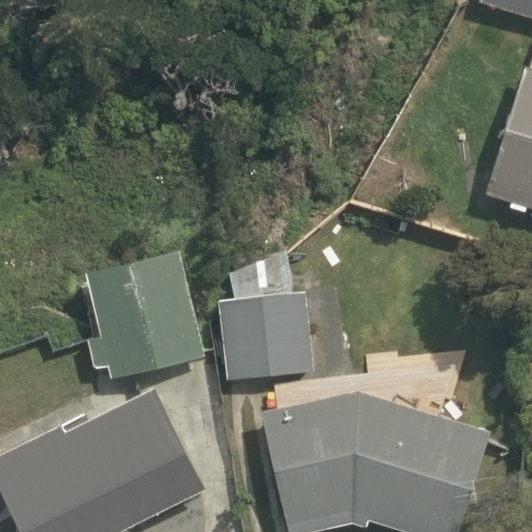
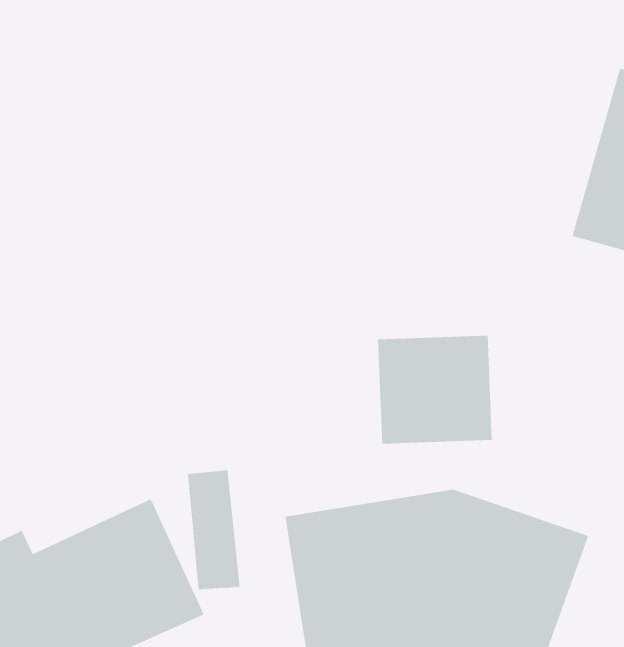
building: [74,239,203,380] -> none
building: [223,298,311,381] -> [377,335,493,445]

